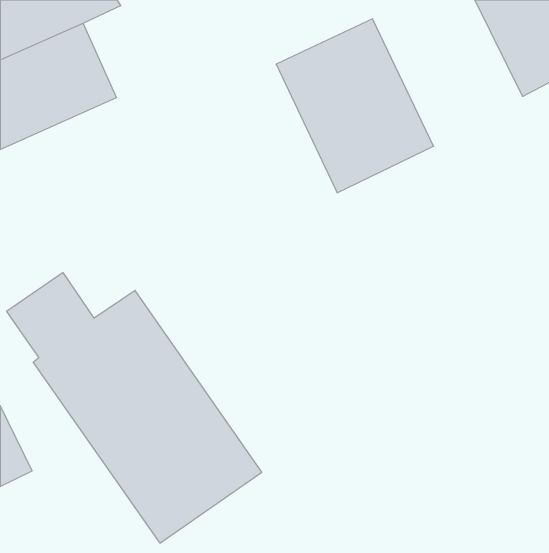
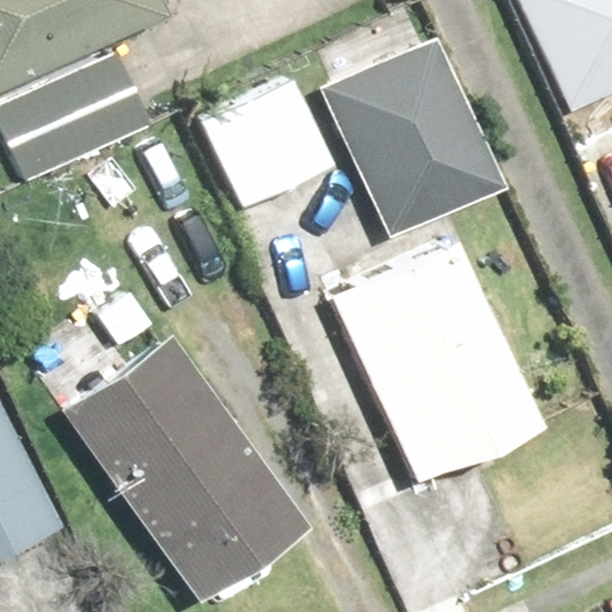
building: none -> [196,72,326,201]
building: none -> [323,239,530,483]

